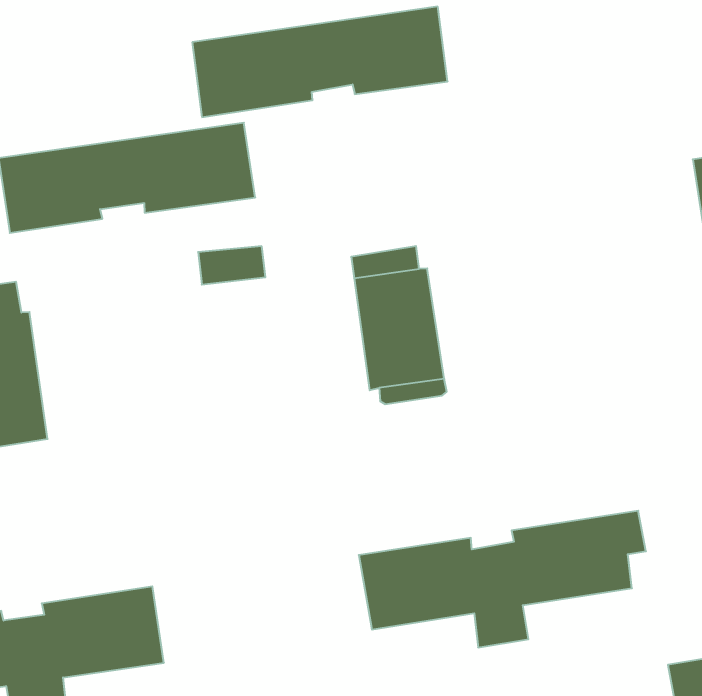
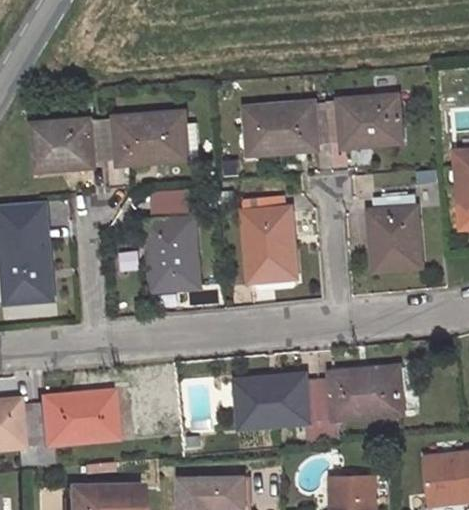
building: [192,7,448,117] -> [247,96,401,154]
building: none -> [371,194,421,269]
building: none -> [149,219,199,289]

